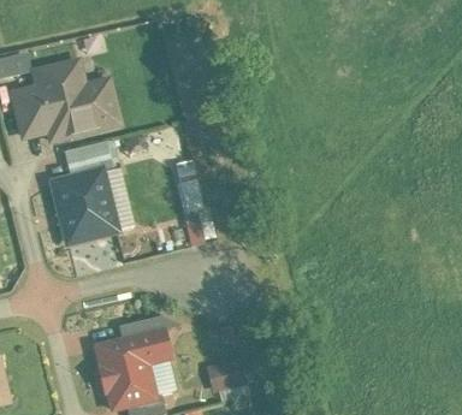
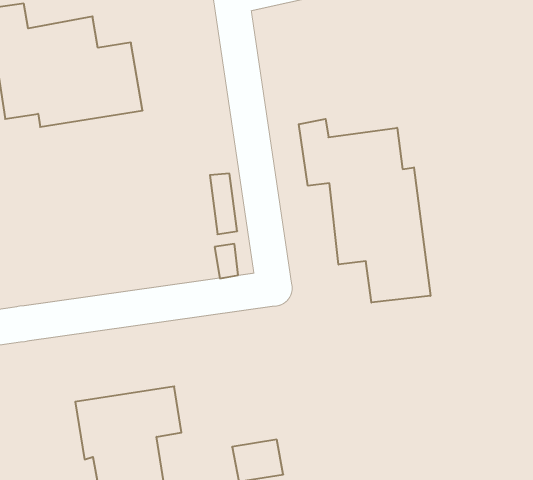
building: none -> [299,119,430,303]
building: [43,138,118,245] -> none

